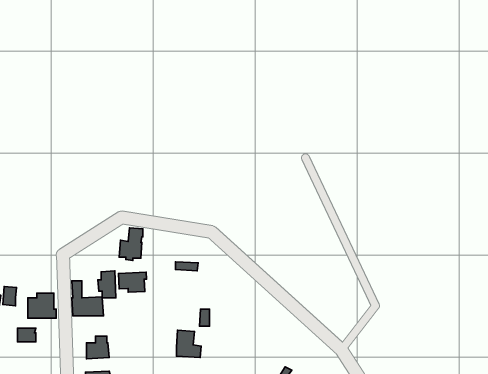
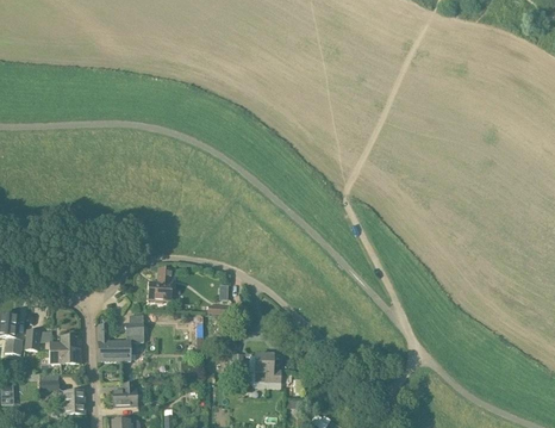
building: [119,272,146,292] -> none
building: [176,330,201,357] -> [255,353,281,382]
building: none -> [63,389,85,414]

